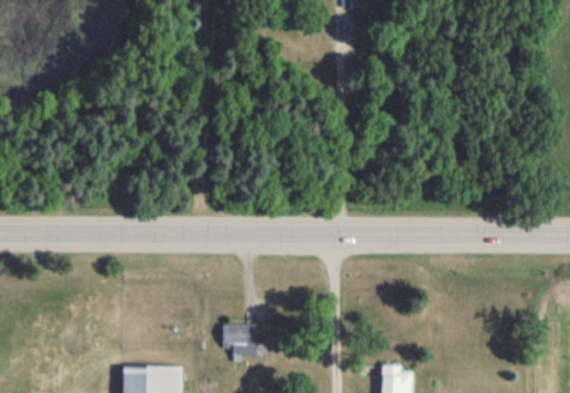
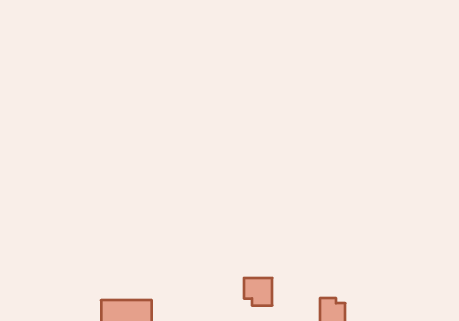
building: [223,325,257,357] -> [244,278,272,305]

